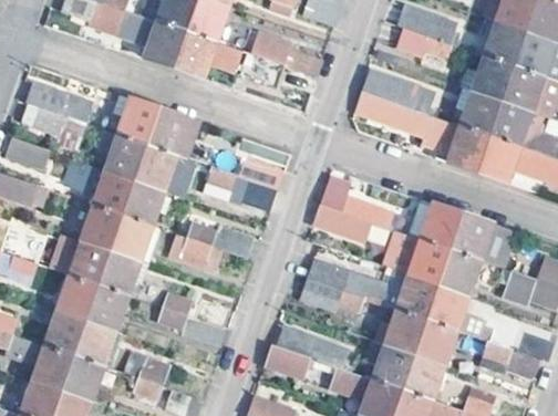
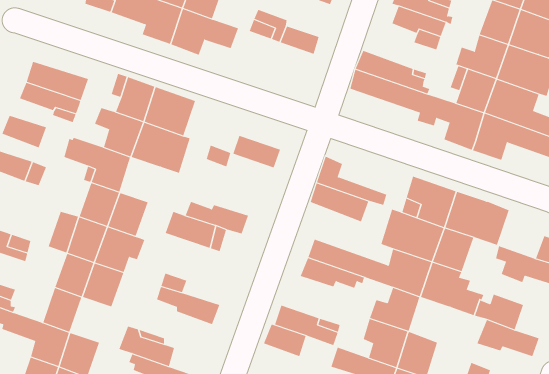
building: [123,179,164,225] -> none
building: [73,320,115,365] -> none
building: [413,320,454,365] -> none

